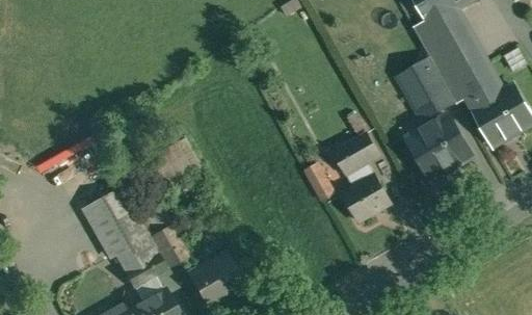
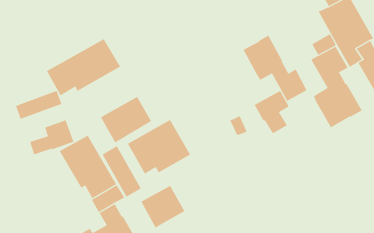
building: none -> [243,35,307,102]
building: none -> [46,38,121,96]
building: none -> [127,119,191,175]
building: none -> [29,119,74,155]
building: [344,176,391,220] -> none

